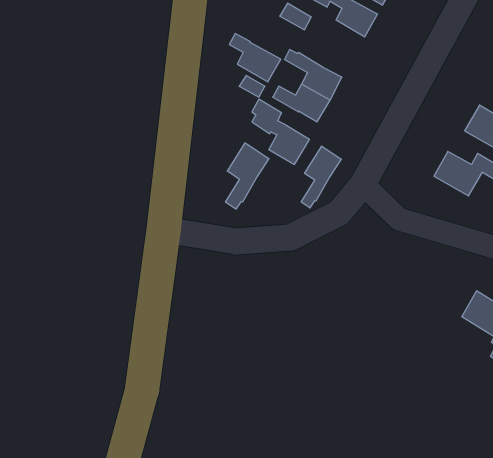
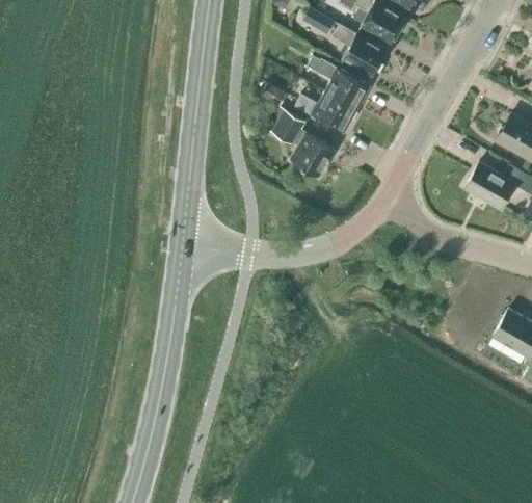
building: [229,34,281,82] -> [332,25,387,76]
building: [226,143,269,209] -> none
building: [301,146,341,208] -> none

